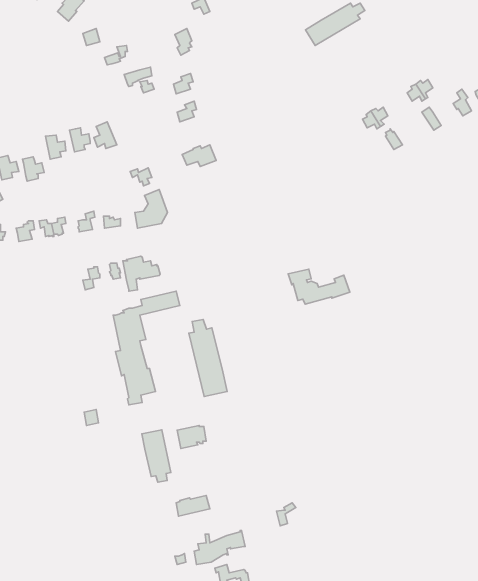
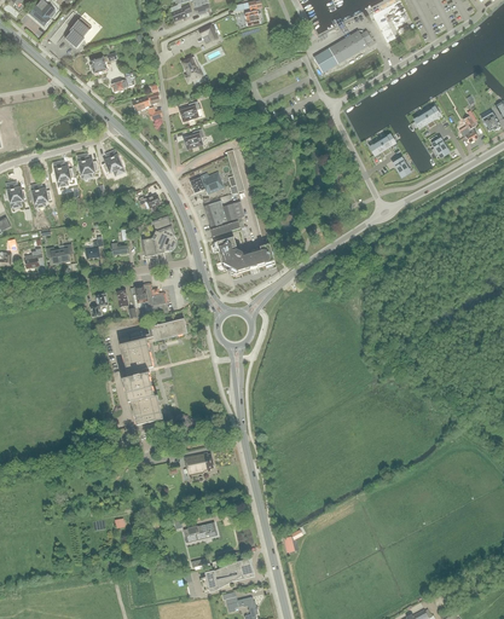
building: none -> [203,199,244,237]
building: [288,269,350,304] -> [214,237,276,272]
building: [189,319,227,397] -> none
building: [142,430,171,482] -> none

